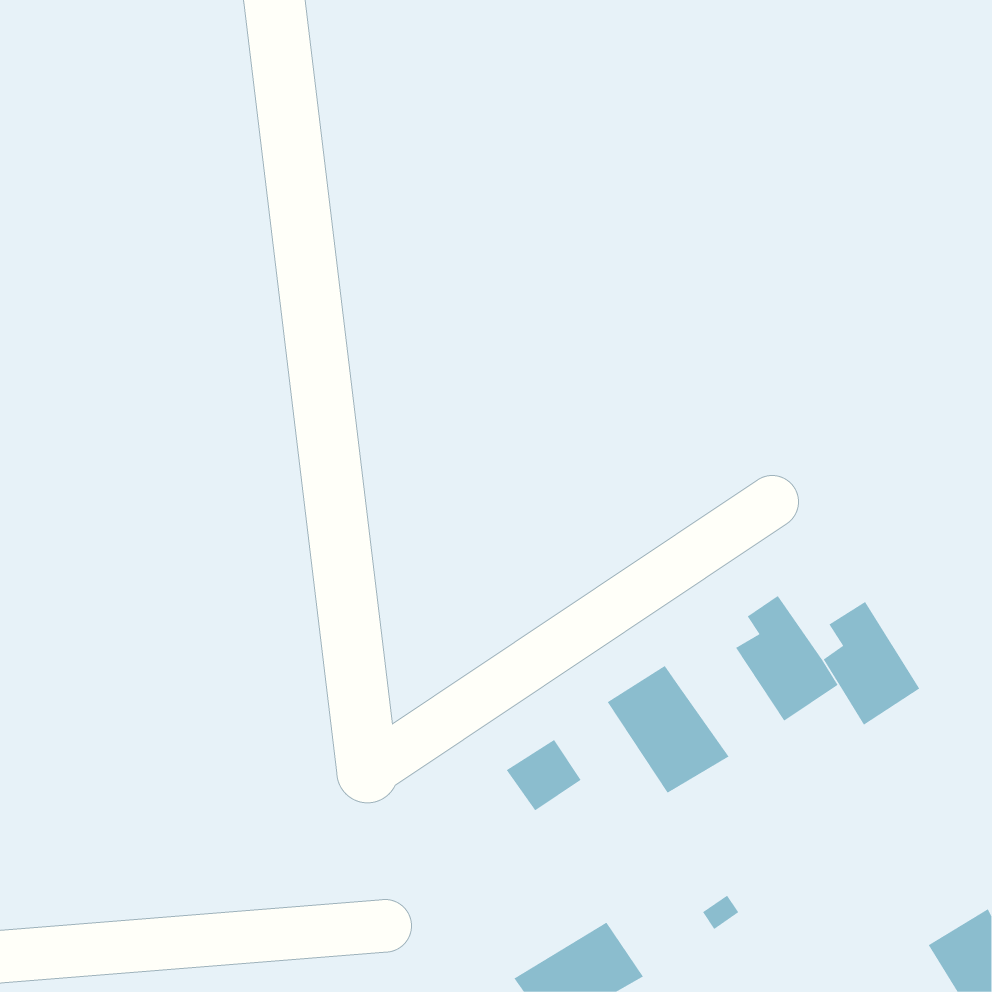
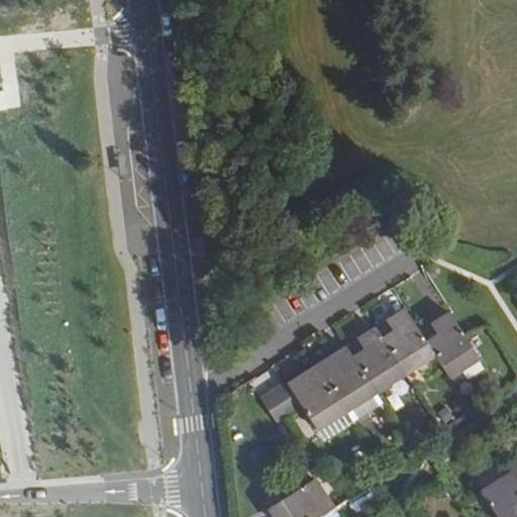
building: none -> [352,326,407,393]
building: none -> [288,365,346,431]

